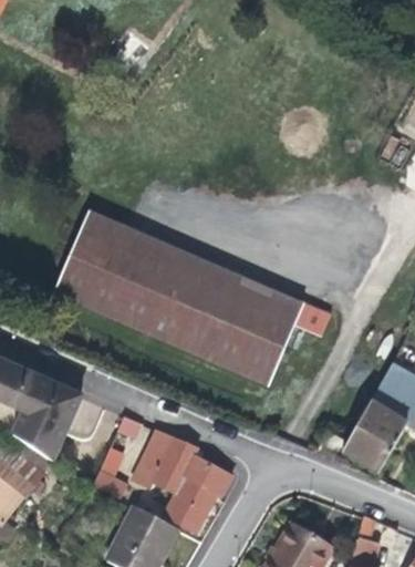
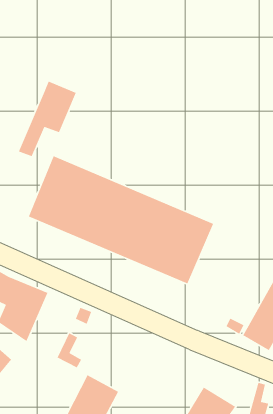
building: none -> [18,81,77,157]
building: [132,429,234,533] -> none

